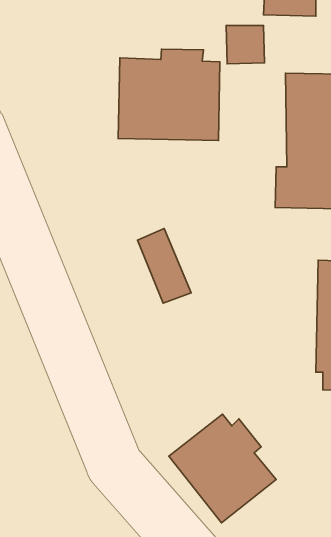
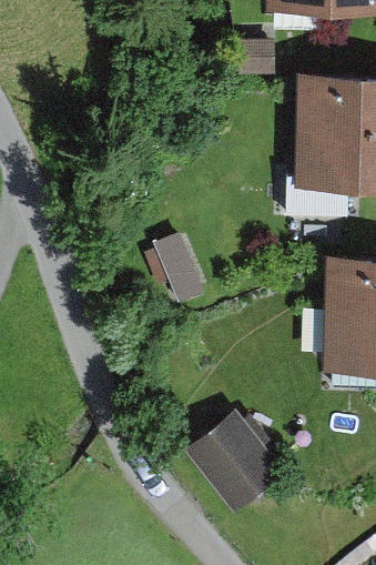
building: [118,49,220,140] -> none

